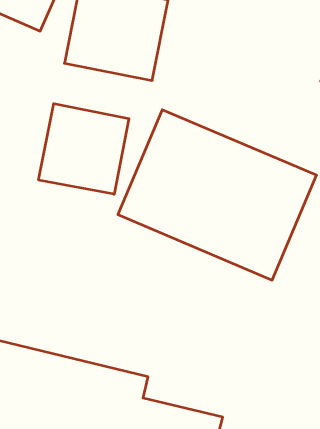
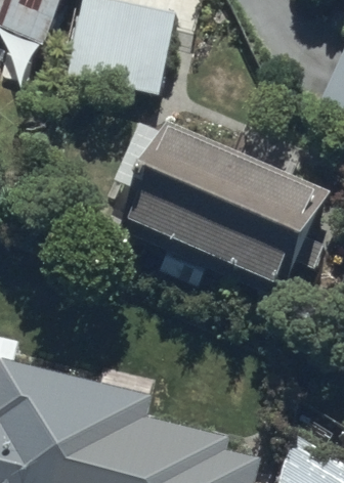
building: [39,104,129,194] -> none

